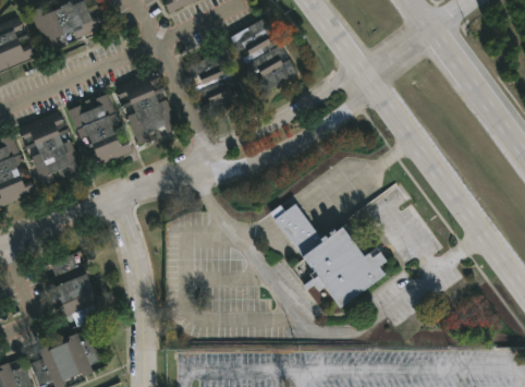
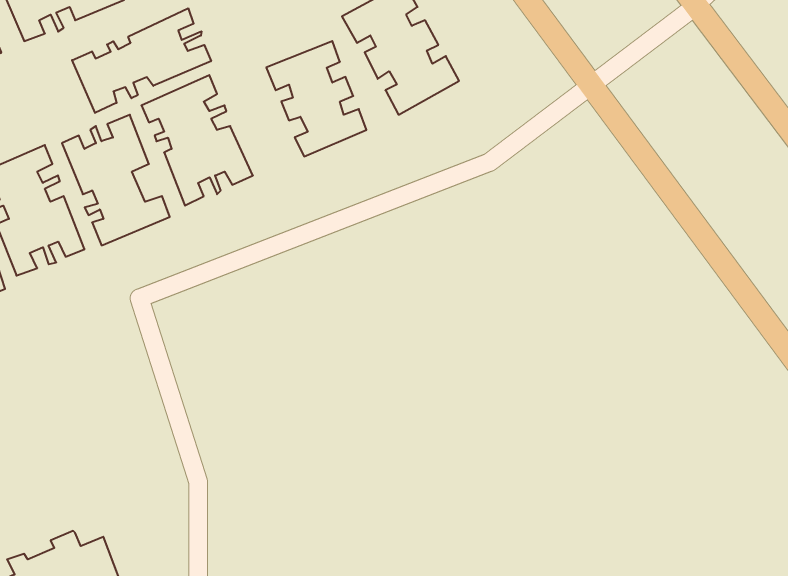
building: none -> [72,8,211,113]
building: [272,204,384,309] -> none
building: [46,255,100,327] -> none

